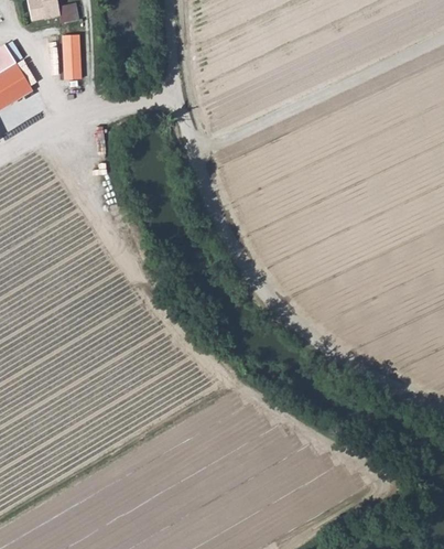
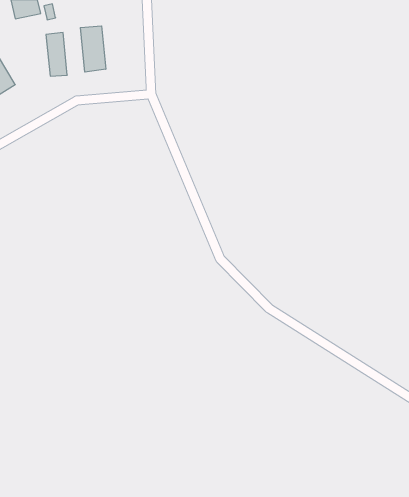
building: none -> [80,26,106,72]

